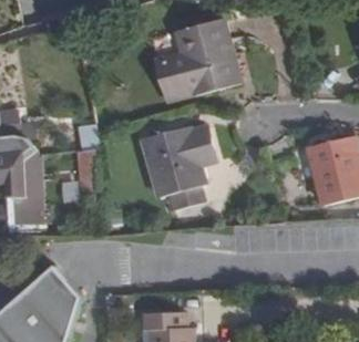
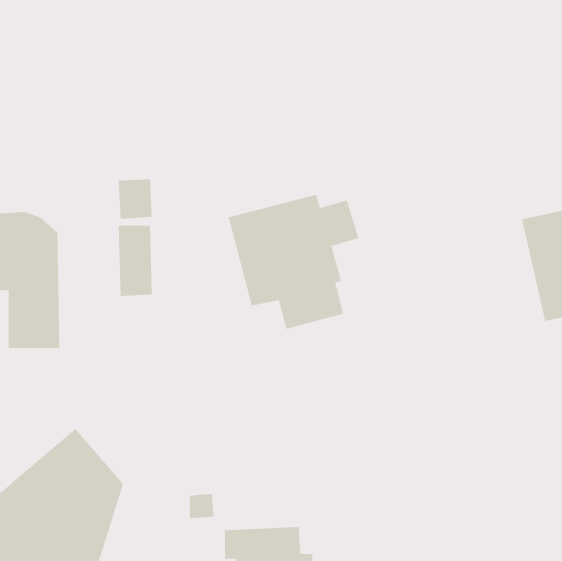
building: [165,22,243,99] -> none

